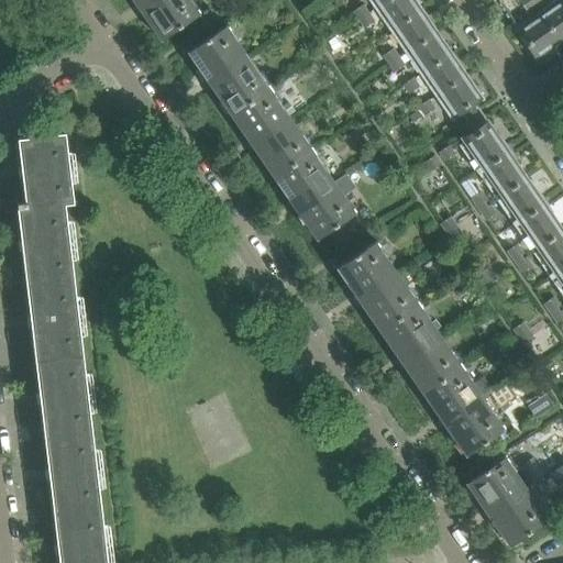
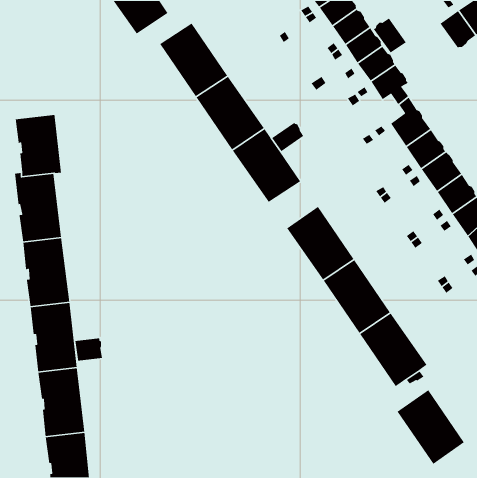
building: none -> [373,17,407,53]
building: none -> [271,122,304,152]
building: none -> [75,338,103,361]

